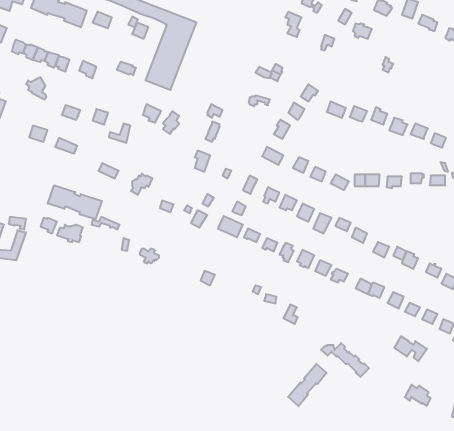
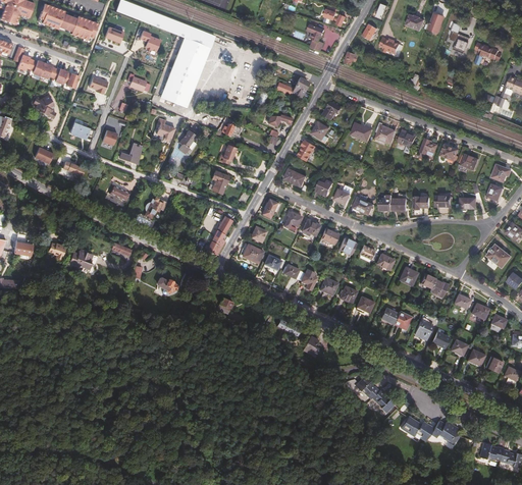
building: [48,185,102,219] -> none
building: [394,336,427,361] -> [402,413,436,439]
building: [288,364,327,406] -> none

